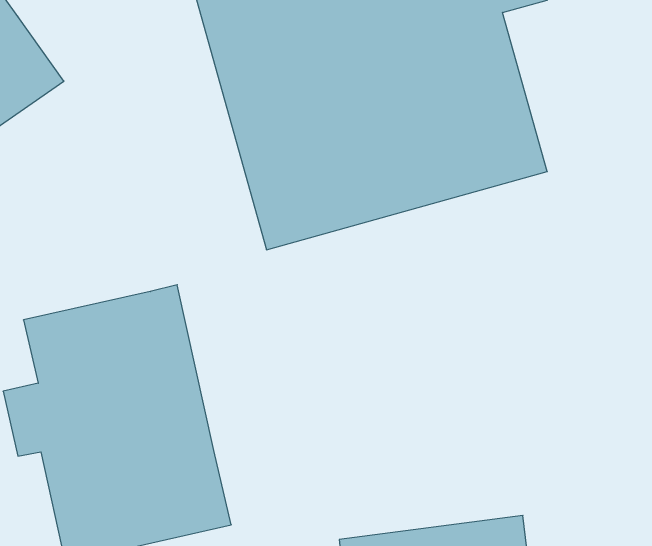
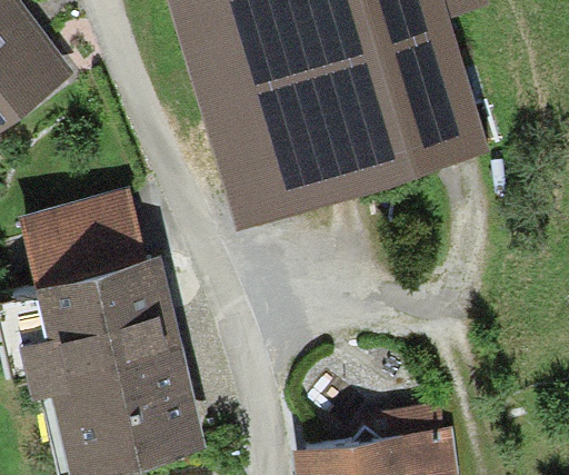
building: none -> [21,196,140,276]

